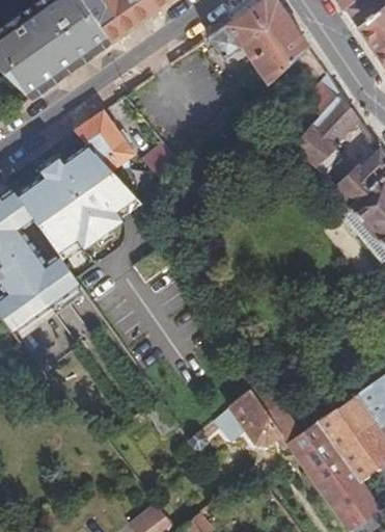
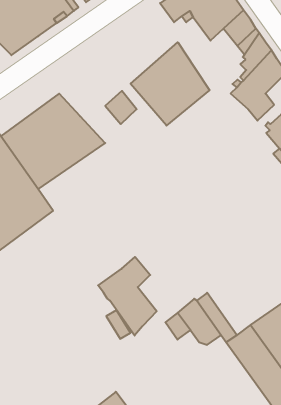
building: none -> [131,42,210,126]
building: [75,110,136,171] -> none
building: none -> [98,257,157,336]

